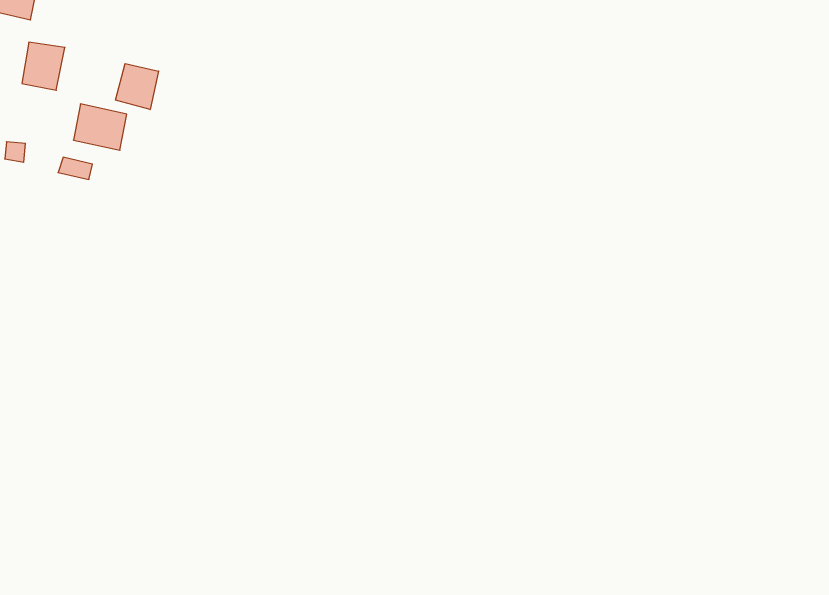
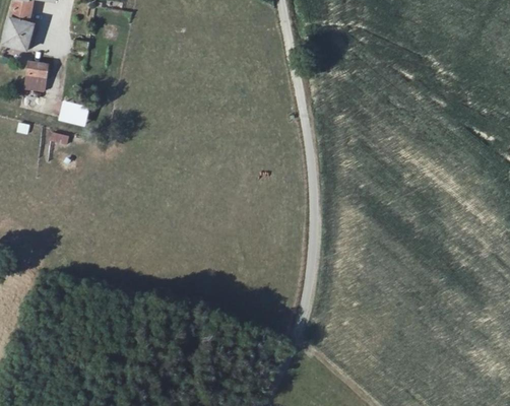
building: [116,64,159,110] -> none

